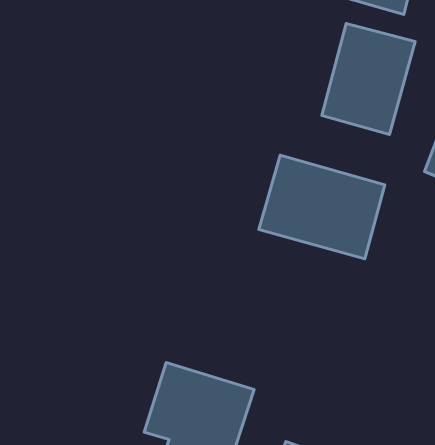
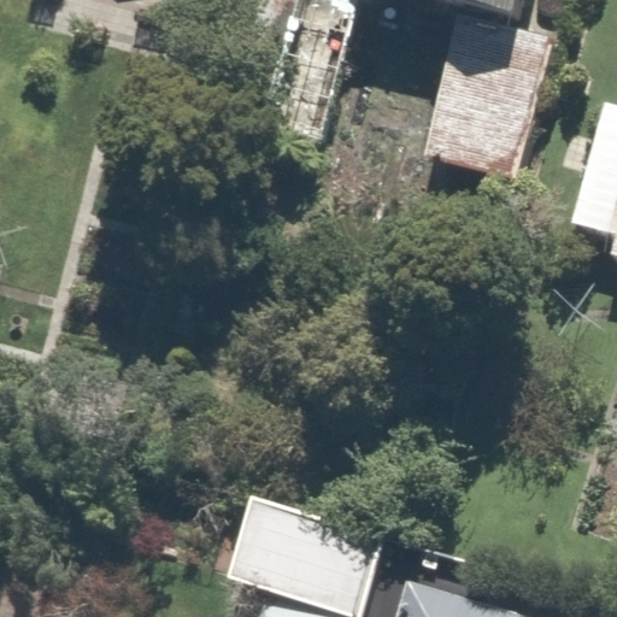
building: [259,155,385,259] -> none

